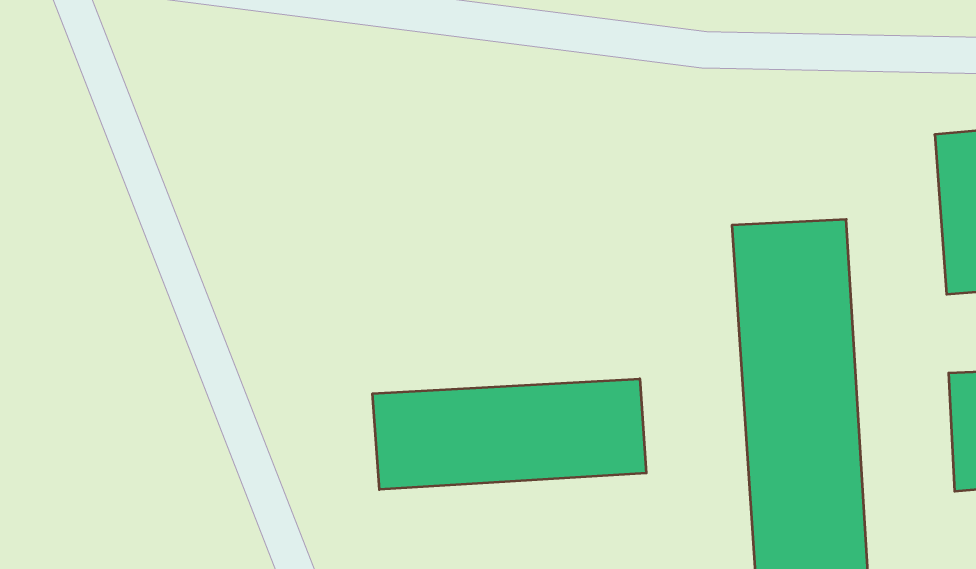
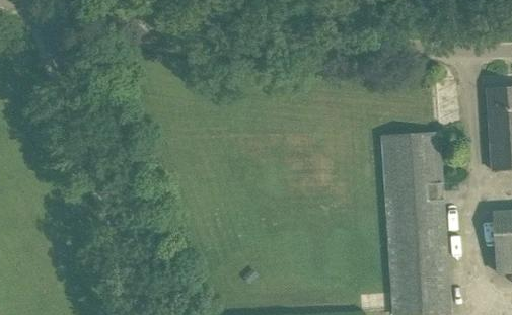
building: [373,379,646,490] -> none

